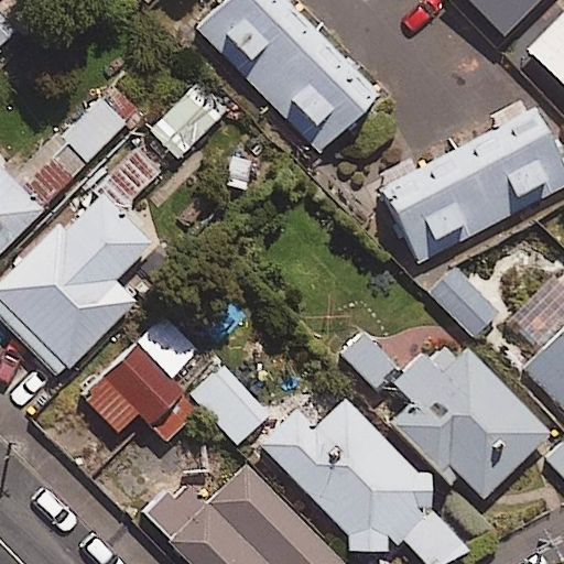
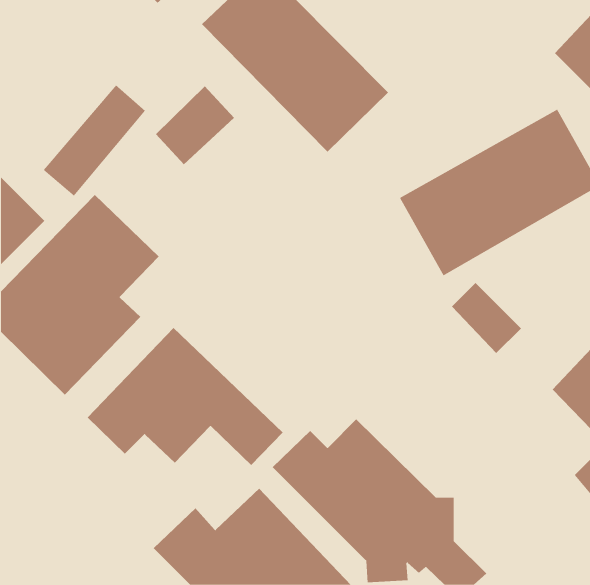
building: [344,332,554,508] -> none

